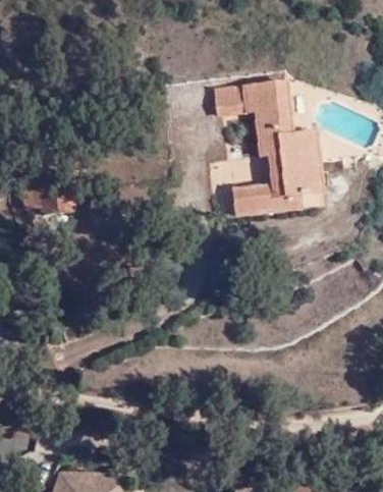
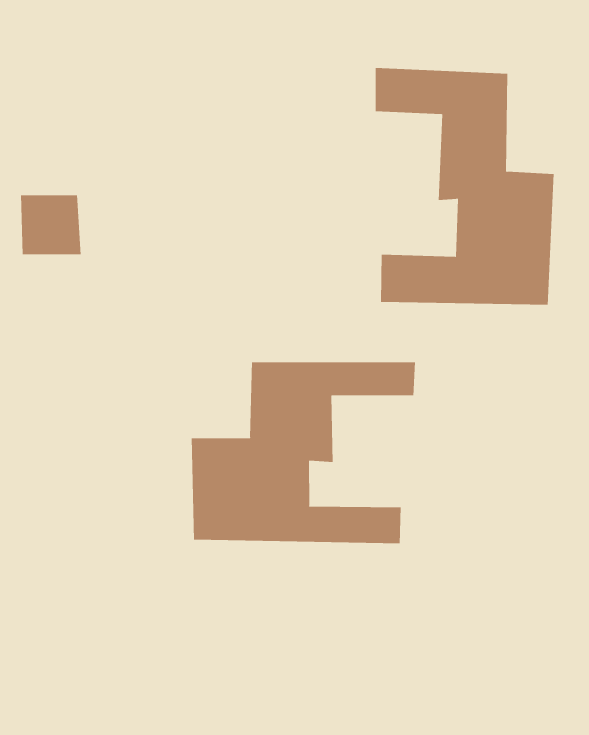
building: none -> [191,362,415,544]

